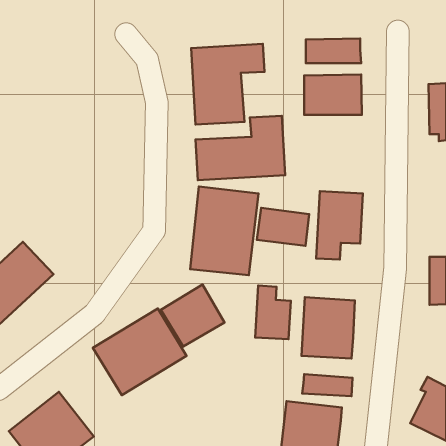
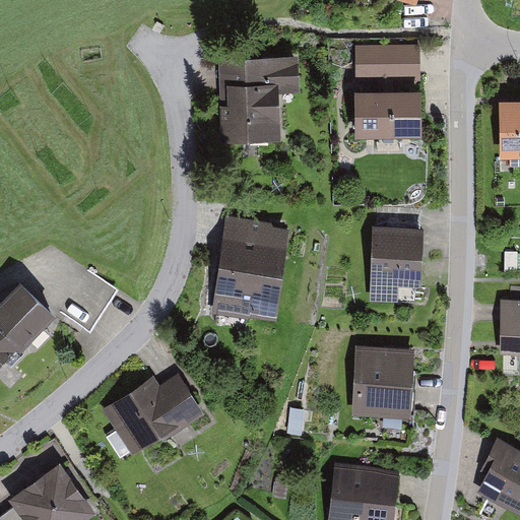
building: [195,116,285,180] -> none
building: [257,208,309,246] -> none
building: [161,284,225,347] -> none
building: [255,285,291,339] -> none
building: [302,374,353,396] -> none

